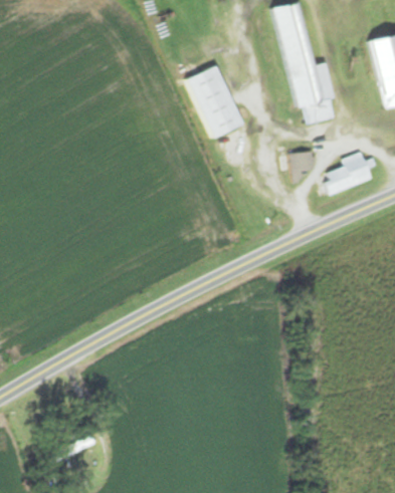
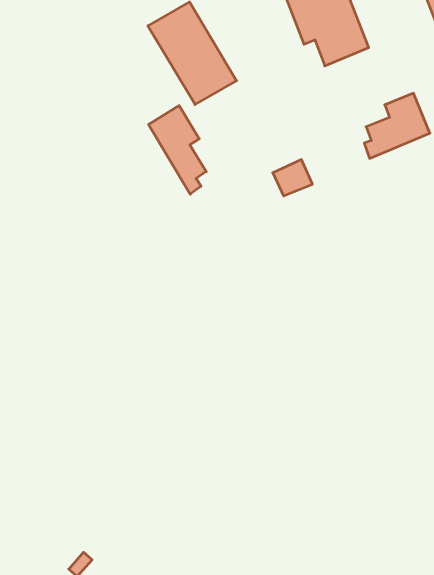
building: none -> [149,106,206,194]
building: [287,150,314,173] -> [273,160,312,196]

